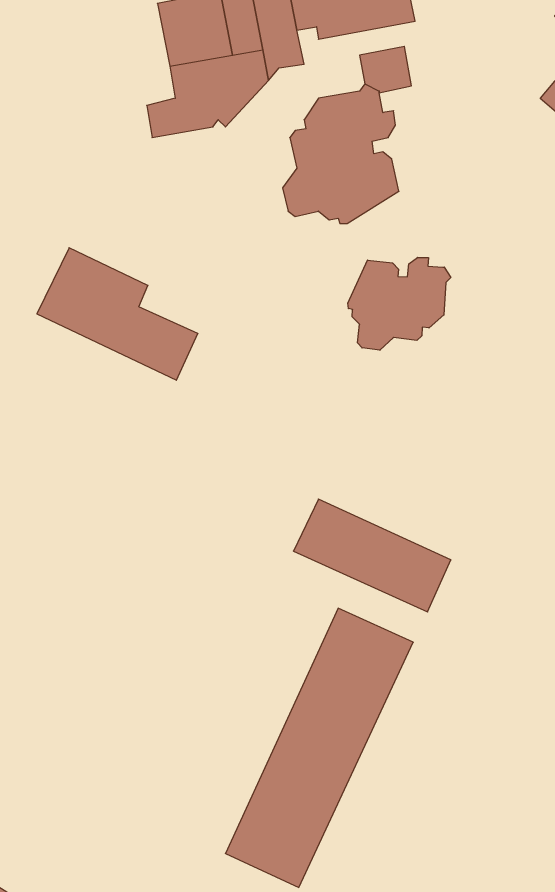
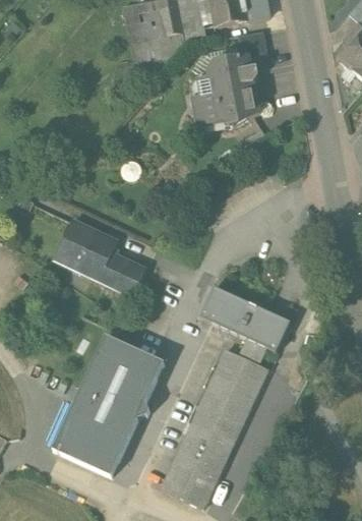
building: [37,248,198,380] -> [54,219,145,294]
building: [348,257,451,350] -> none
building: none -> [53,333,164,474]

